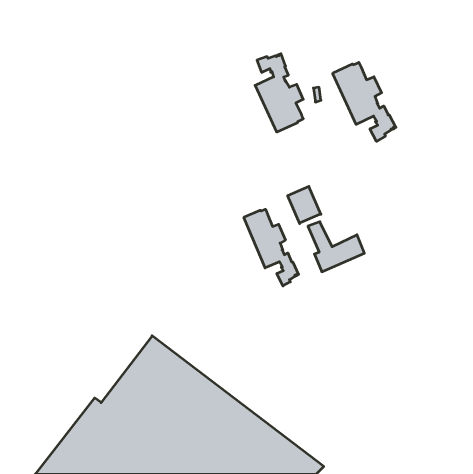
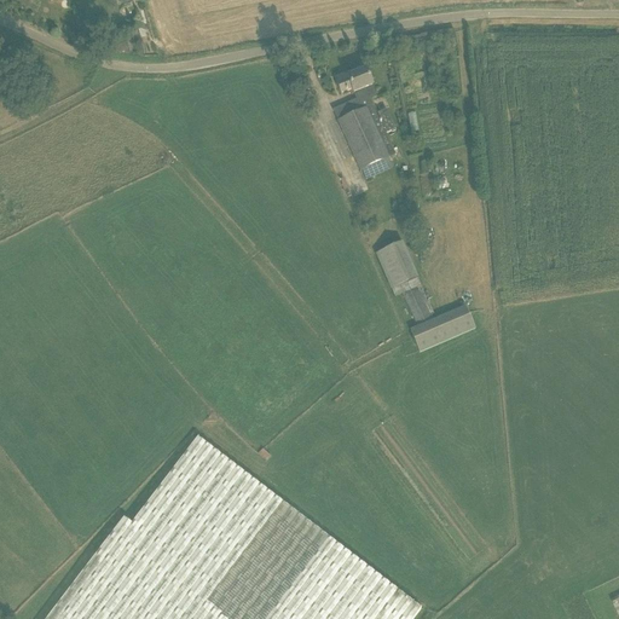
building: [333,62,396,141] -> none
building: [244,209,299,286] -> none

